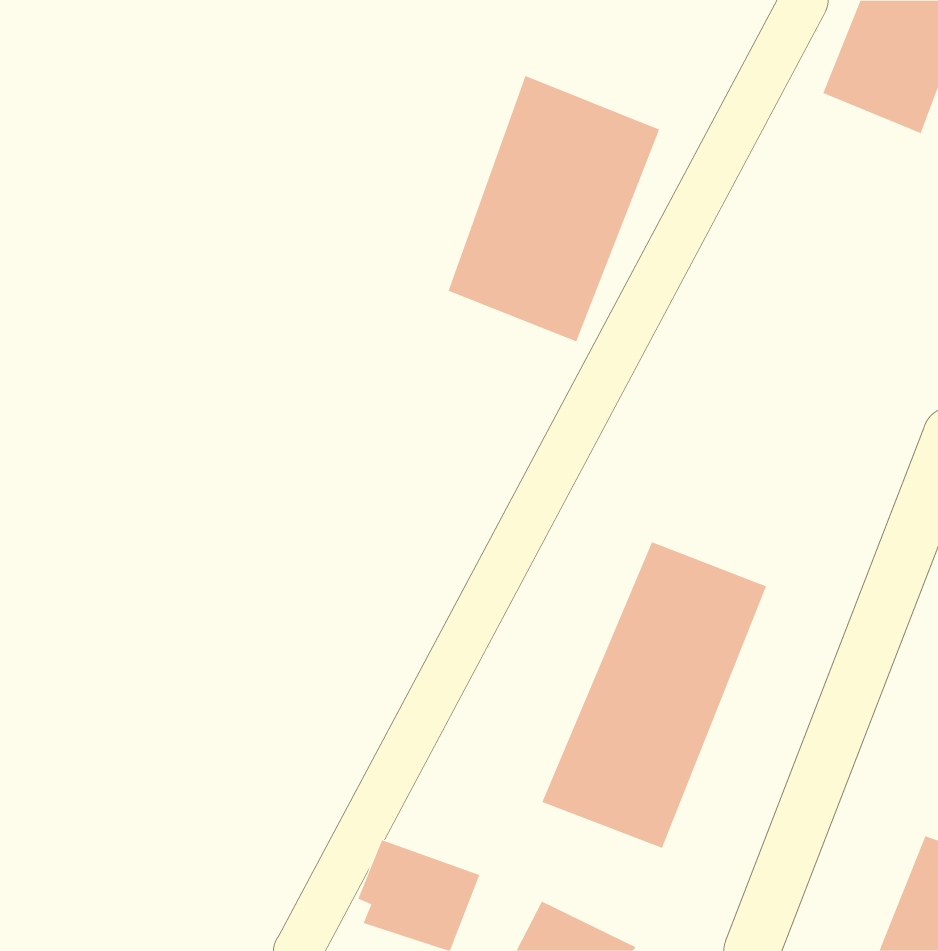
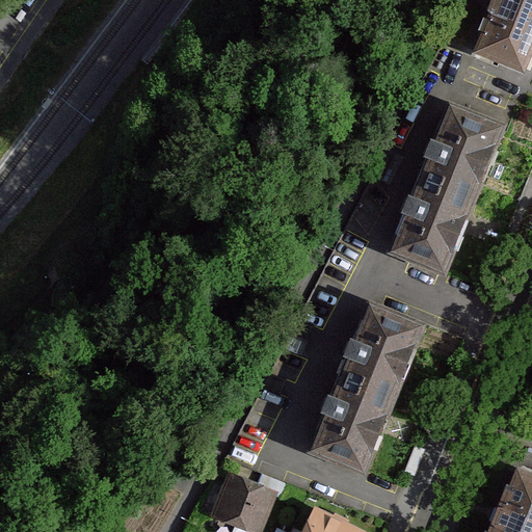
building: [448,75,660,342] -> none
building: none -> [376,101,501,273]

